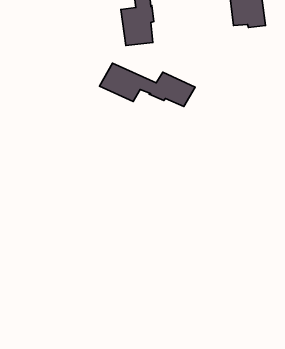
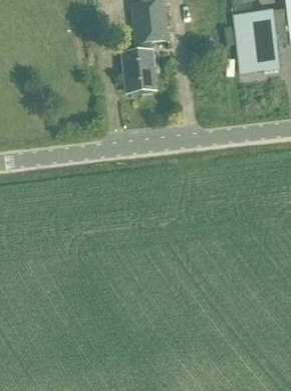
building: [100,63,195,106] -> none

